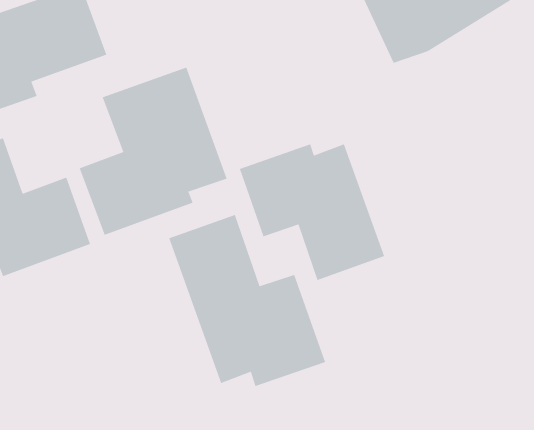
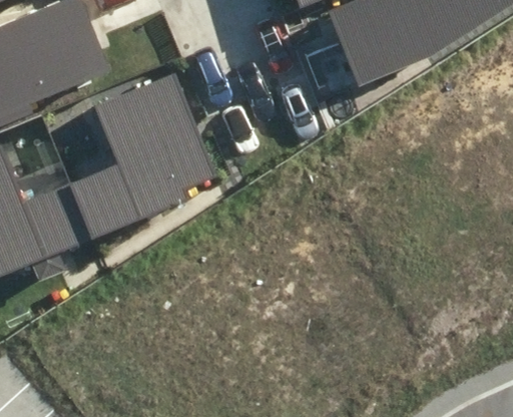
building: [239,143,385,281] -> none
building: [168,214,326,387] -> none

